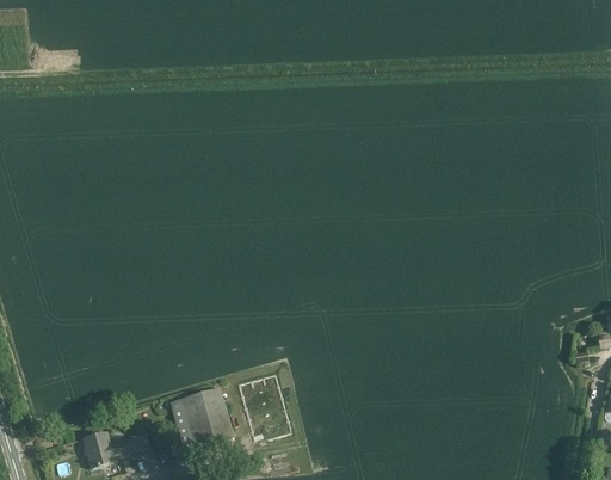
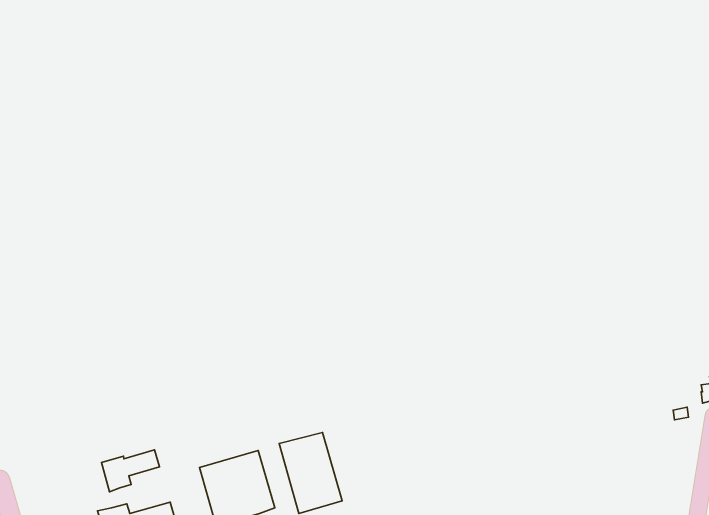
building: none -> [101,450,159,492]

